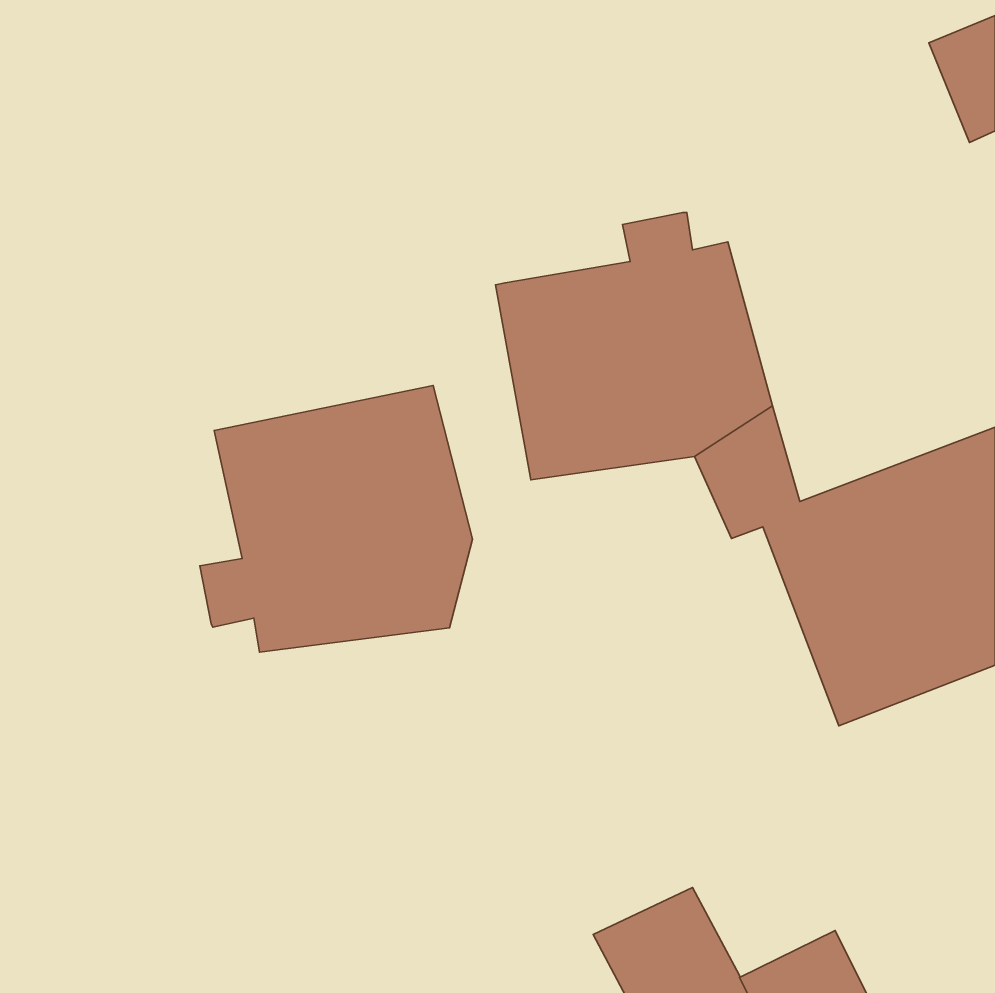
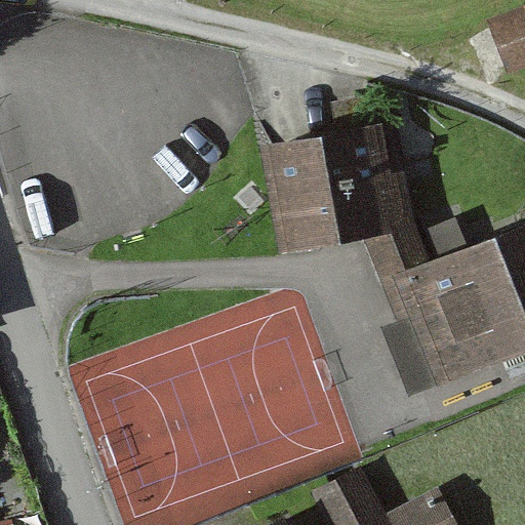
building: [200,386,472,652] -> none

